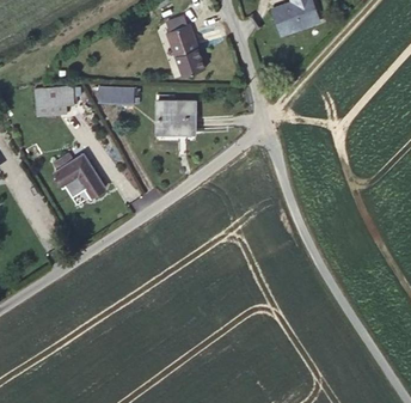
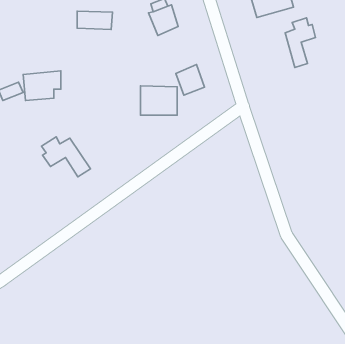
building: none -> [285,18,315,67]
building: [174,39,204,72] -> [176,64,204,95]
building: [98,88,135,108] -> [77,11,112,29]

